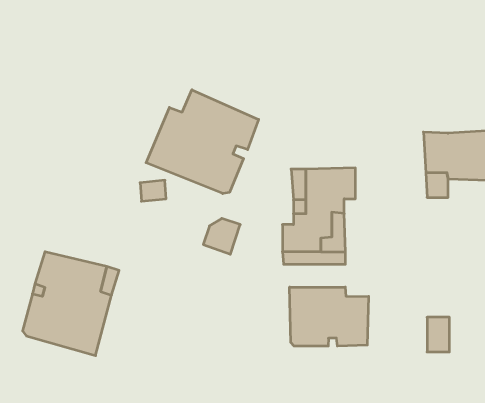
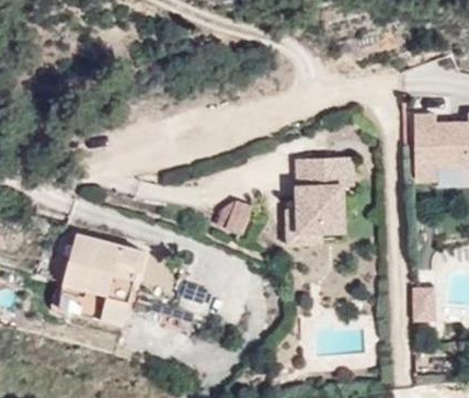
building: [146,90,259,194] -> none
building: [290,287,369,346] -> none

